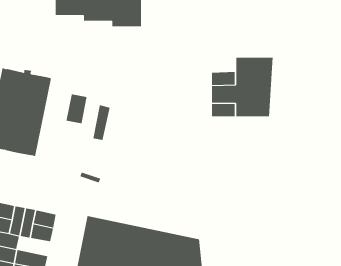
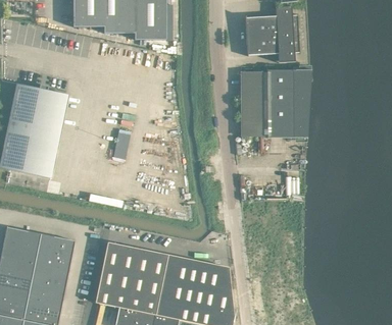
building: none -> [245,14,299,55]
building: none -> [241,71,267,88]
building: [66,93,87,124] -> none
building: none -> [32,264,68,285]

